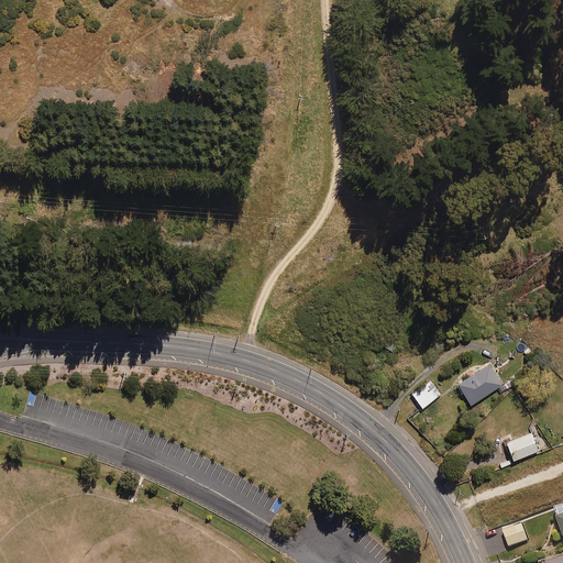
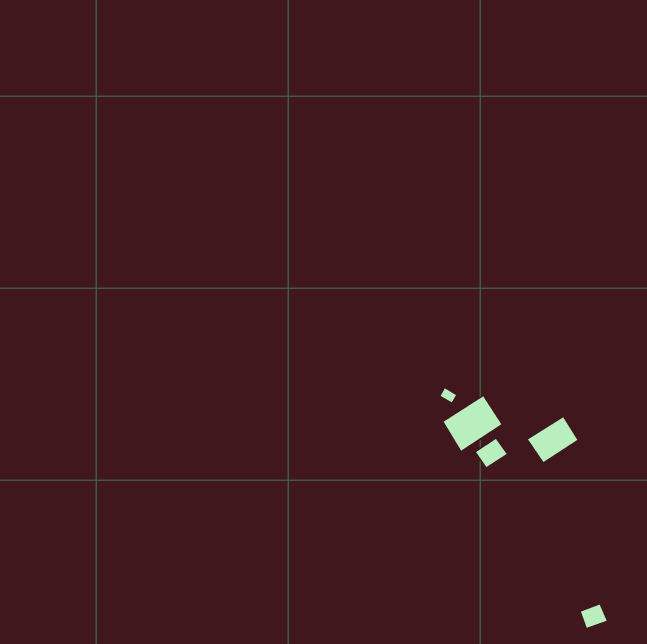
building: none -> [442,395,502,452]
building: [507,433,538,461] -> none

